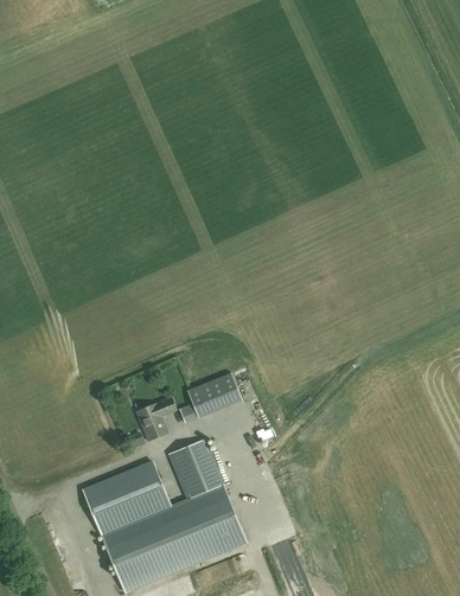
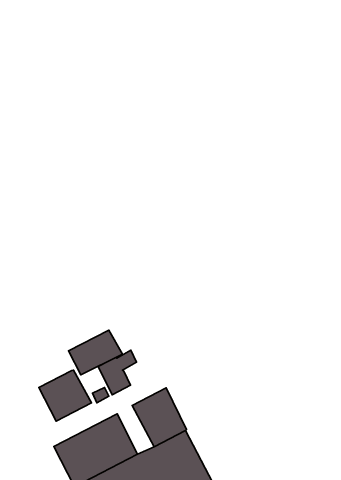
building: [187,373,243,417] -> [69,330,122,375]
building: none -> [39,370,92,421]

